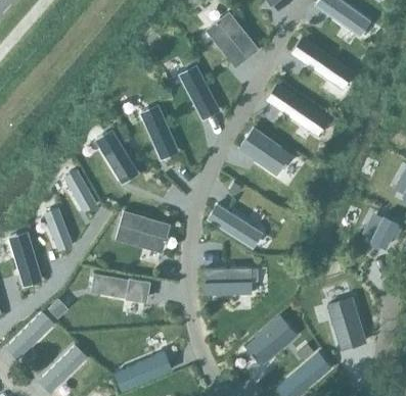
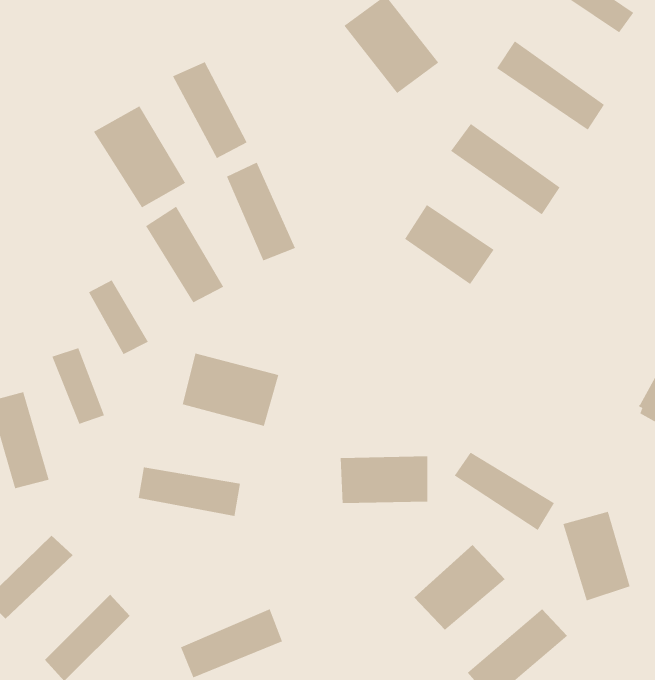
building: [178,65,220,119] -> [172,61,248,159]
building: none -> [93,105,186,208]
building: [208,204,264,248] -> [454,452,555,531]

